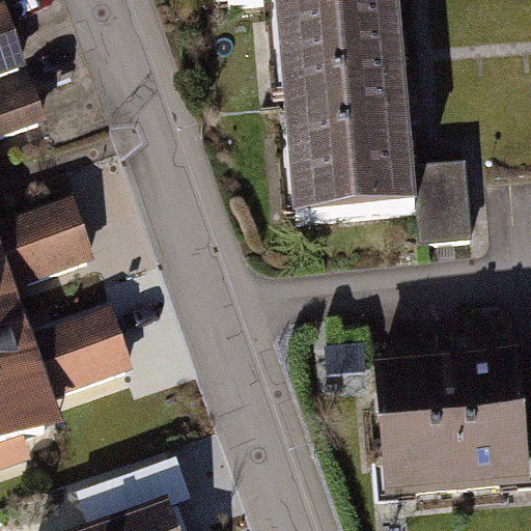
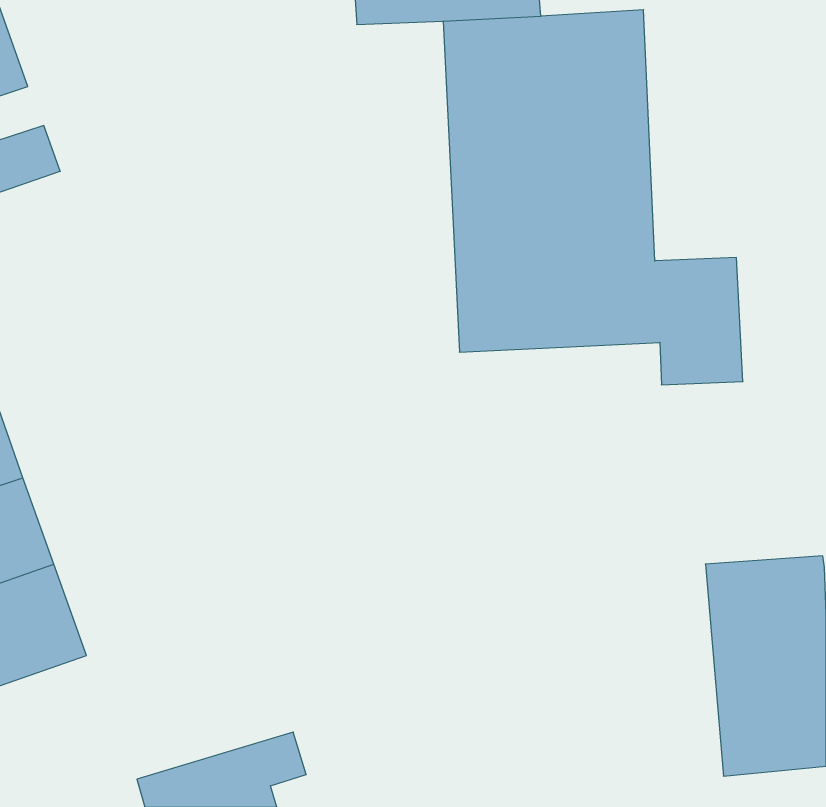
building: [5,191,86,271] -> none
building: [44,301,124,381] -> none
building: [378,359,460,499] -> none

